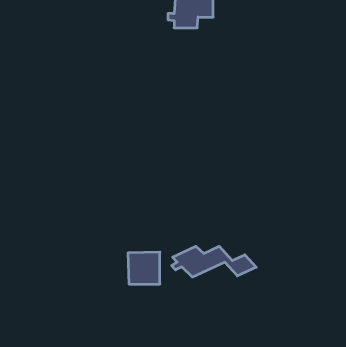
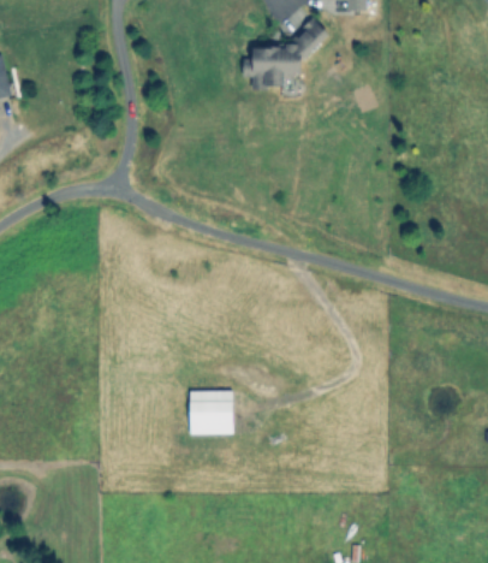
building: [172,246,256,277] -> none

